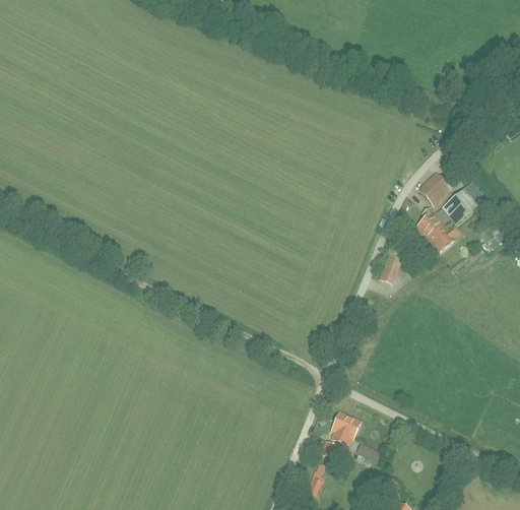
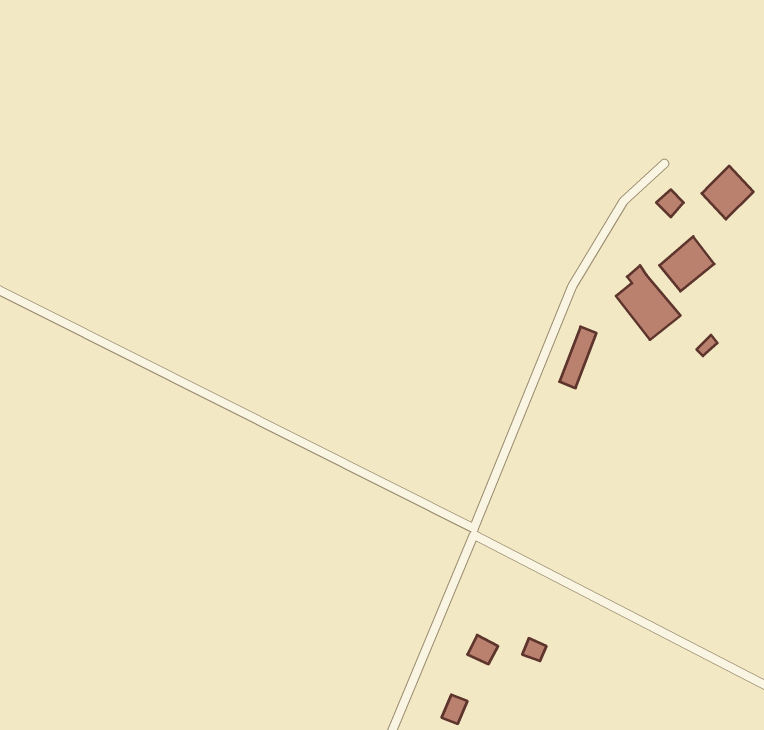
building: [418,172,451,205] -> [702,166,753,219]
building: [332,411,361,446] -> none

